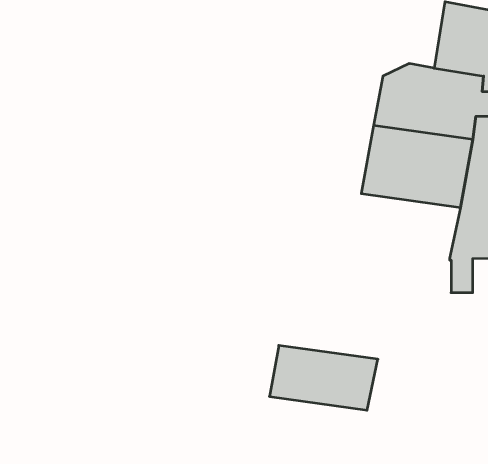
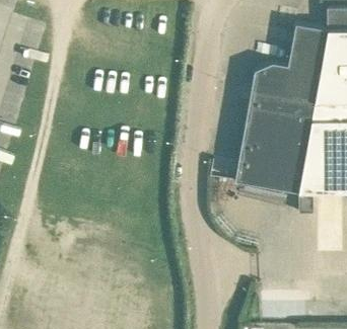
building: [269,345,378,410] -> [236,151,307,193]

